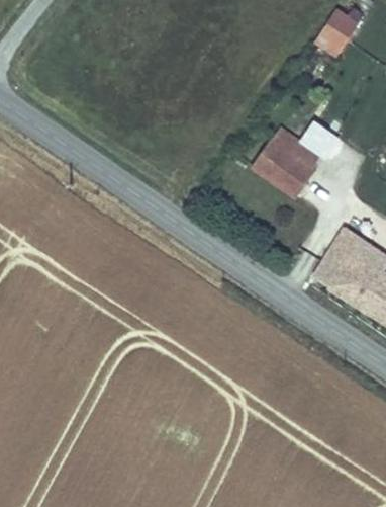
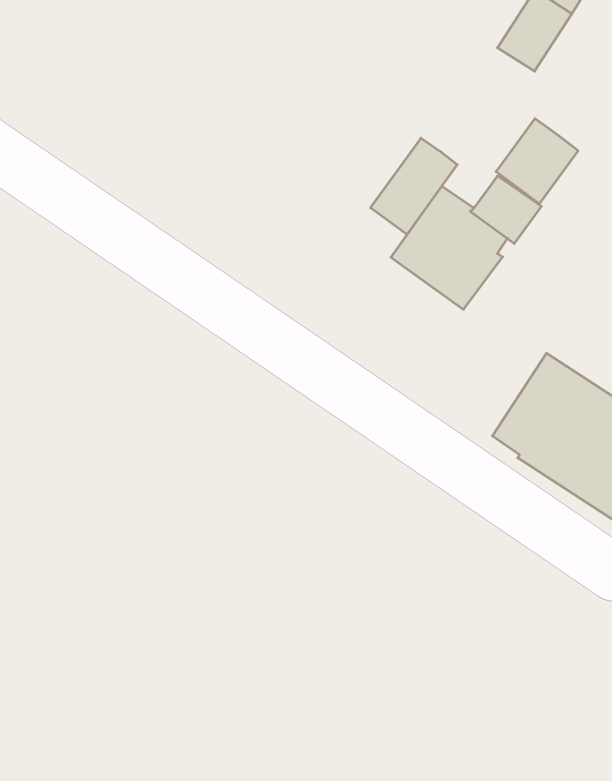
building: none -> [496,119,578,204]
building: none -> [371,138,457,234]

